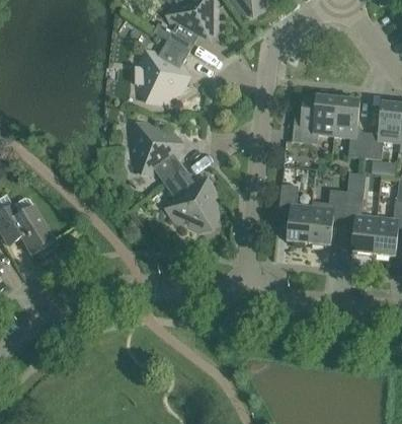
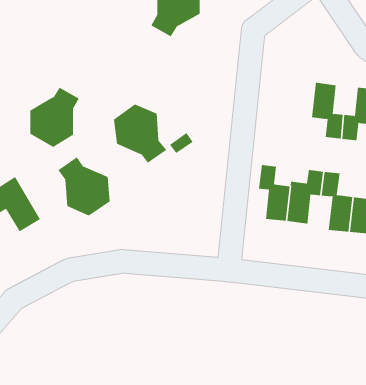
building: [137,39,188,101] -> [30,87,80,148]
building: [292,95,337,143] -> none
building: [164,167,219,229] -> [58,156,110,216]

